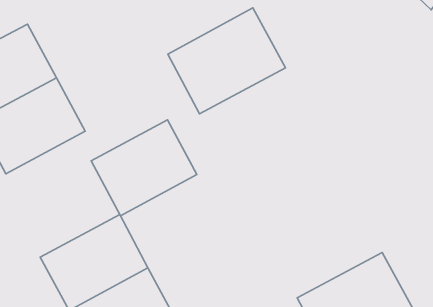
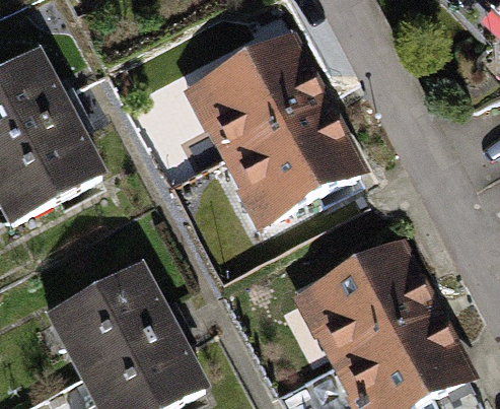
building: none -> [226,100,358,219]
building: [91,120,197,216] -> none
building: none -> [299,241,431,358]

